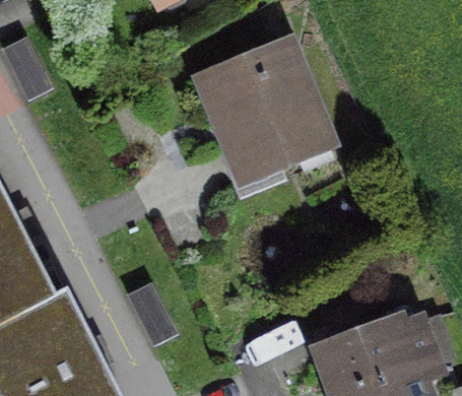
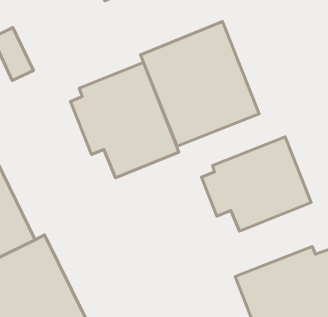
building: none -> [71,63,179,178]
building: none -> [202,137,311,231]

